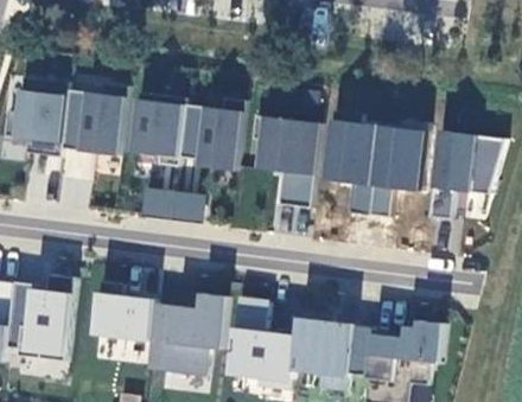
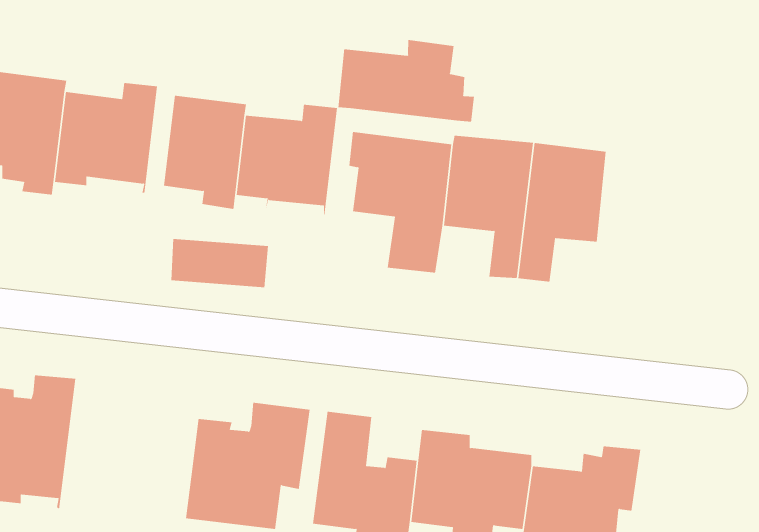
building: none -> [338,39,475,122]
building: [427,132,504,221] -> none
building: [93,281,154,342] -> none

